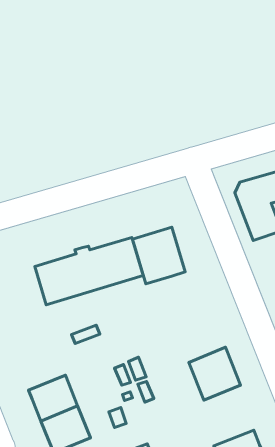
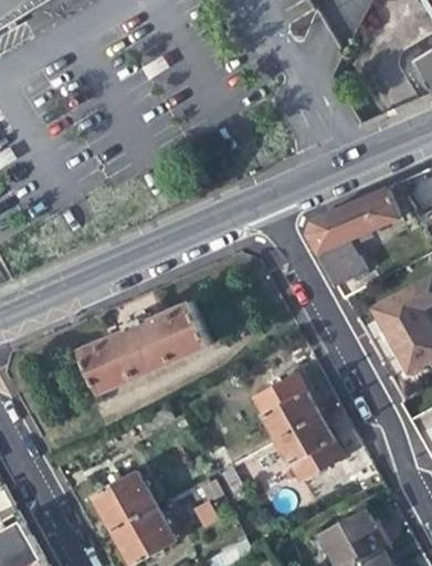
building: [132,227,185,284] -> none
building: none -> [254,373,318,438]

